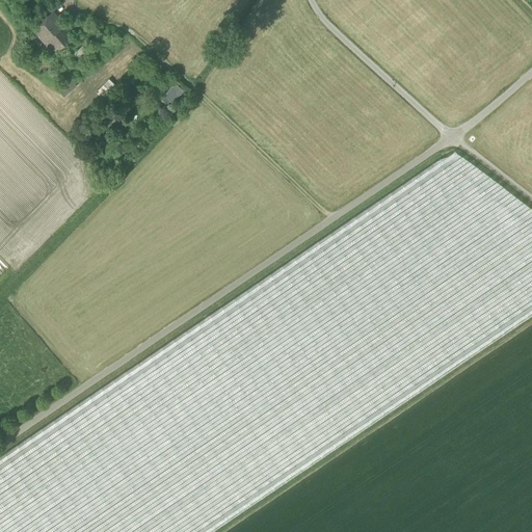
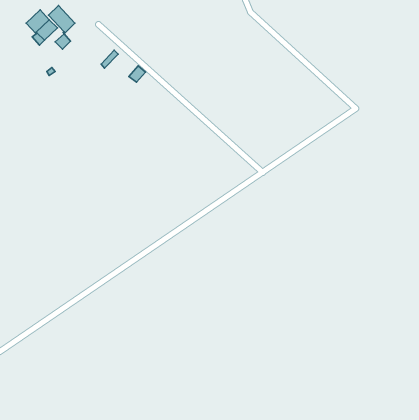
building: none -> [49,6,75,34]

